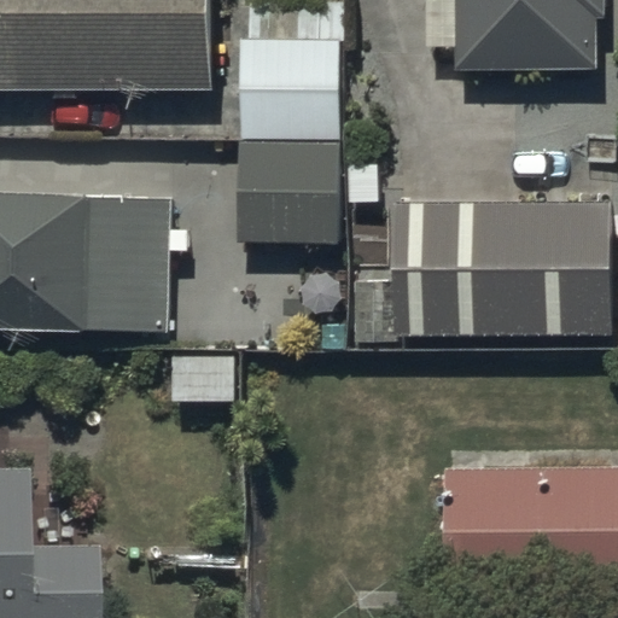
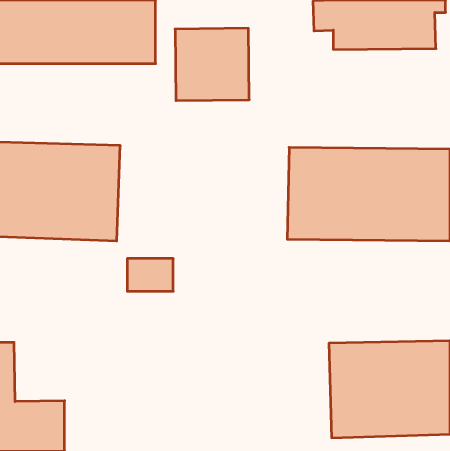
building: [240,136,342,239] -> none

